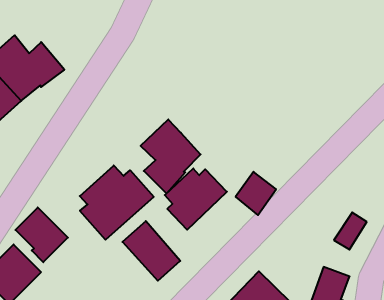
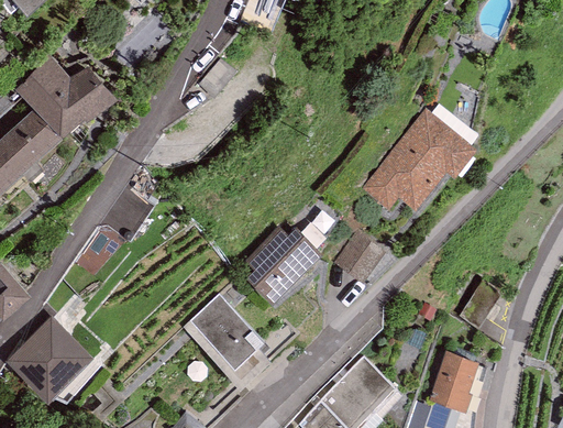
building: none -> [362,108,477,210]
building: [141,119,201,194] -> none
building: [80,165,154,240] -> none
building: [15,207,68,262] -> none

